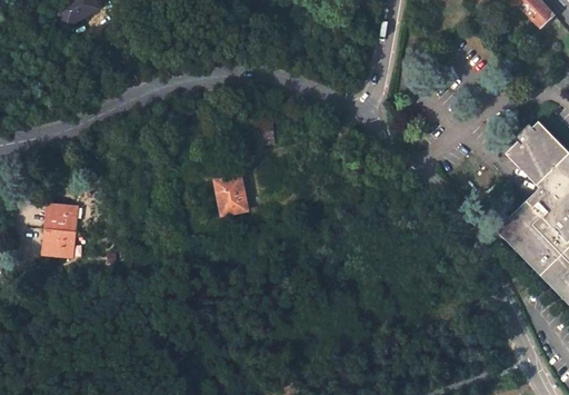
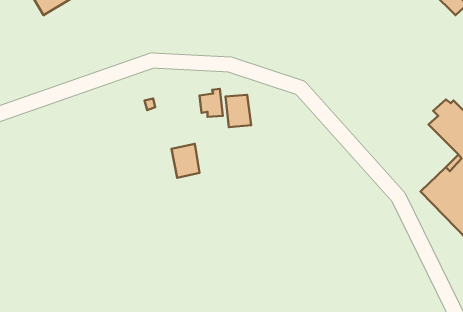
building: none -> [225,95,251,127]
building: [43,205,77,257] -> none

